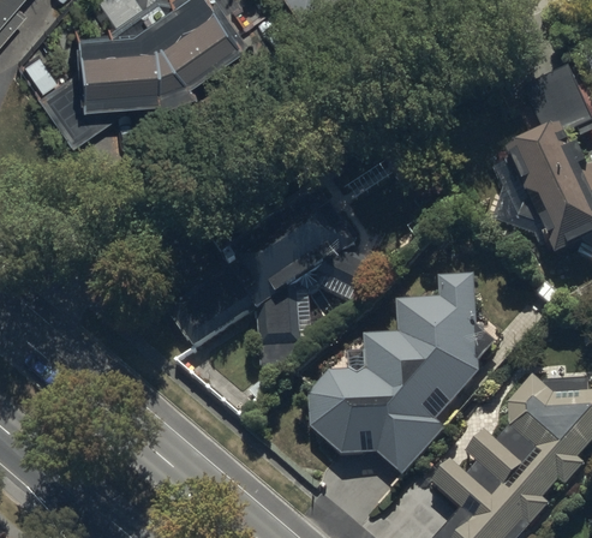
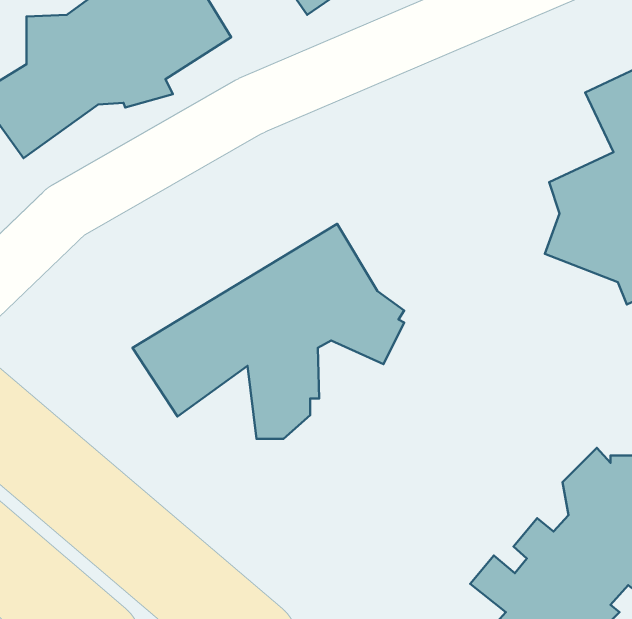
building: [311,276,498,477] -> none

